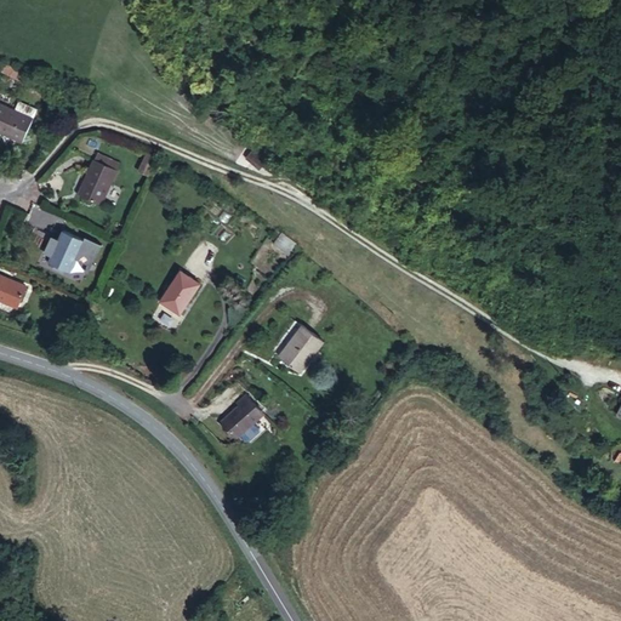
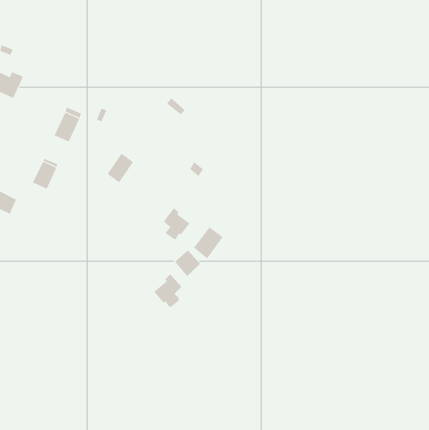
building: [159,272,198,315] -> [107,153,134,183]
building: none -> [163,207,190,240]
building: none -> [174,249,201,277]

